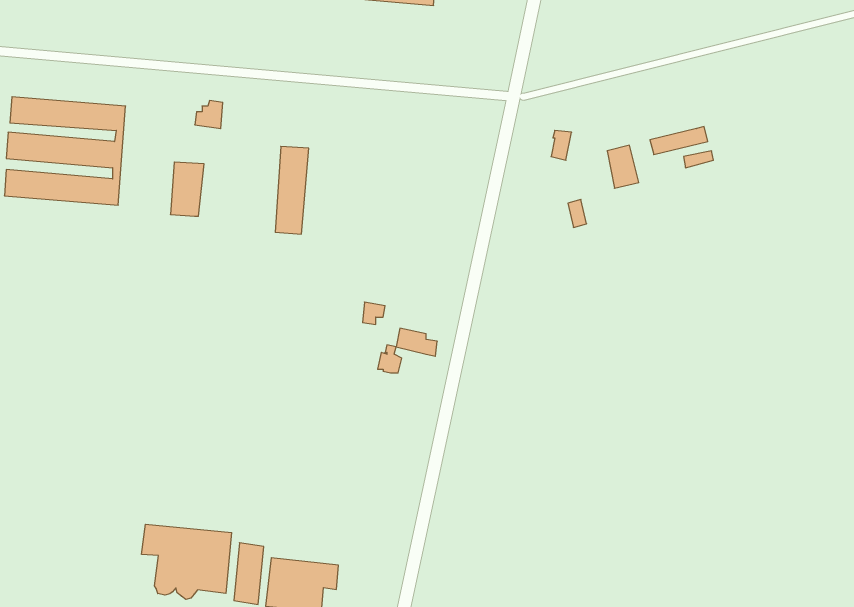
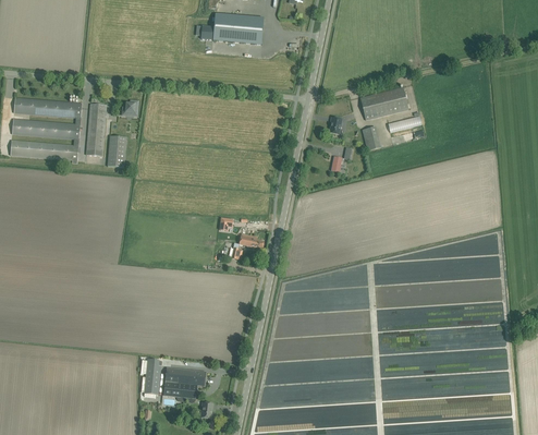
building: none -> [359,86,407,119]
building: [275,146,309,234] -> [86,104,106,155]
building: [142,524,232,599] -> none

